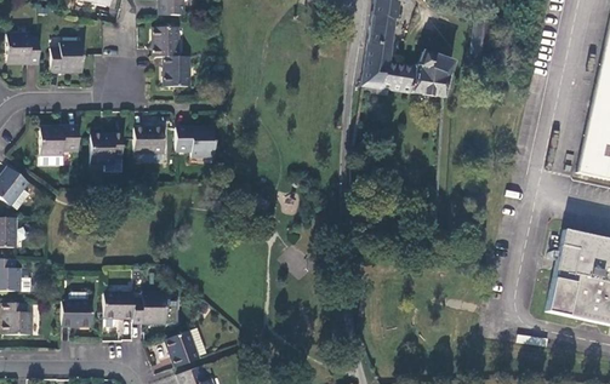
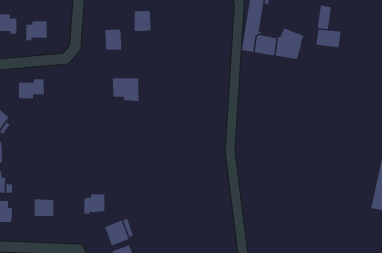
building: [153,25,178,56] -> [134,10,151,31]
building: none -> [316,29,341,48]
building: [132,126,163,151] -> none
building: [90,132,121,171] -> none
building: [103,292,133,316] -> none

